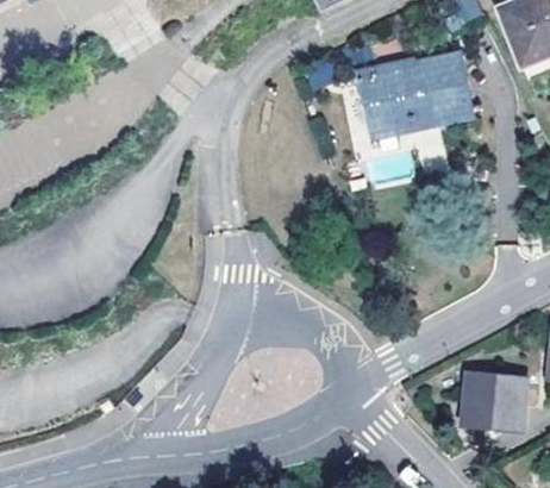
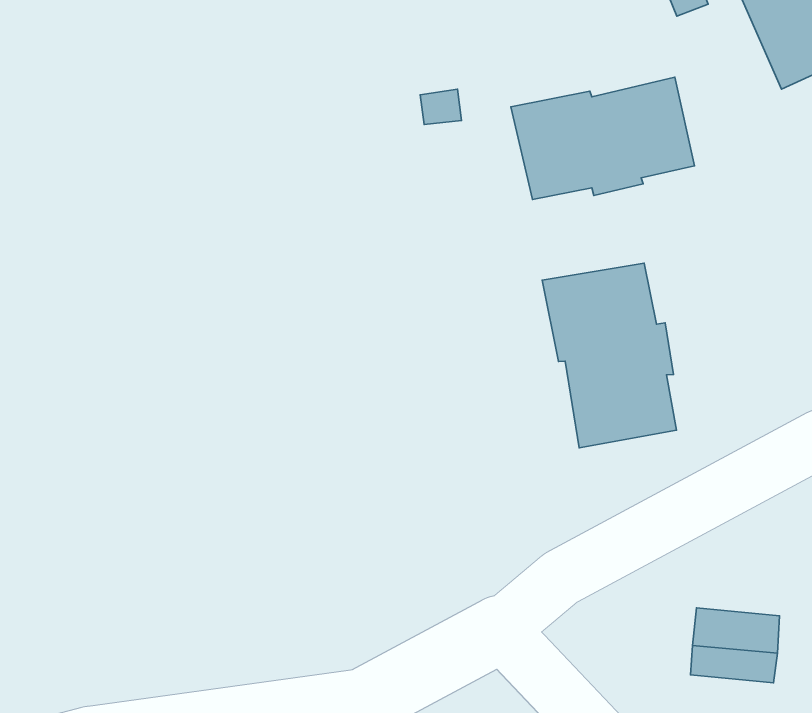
building: none -> [542,263,676,448]

